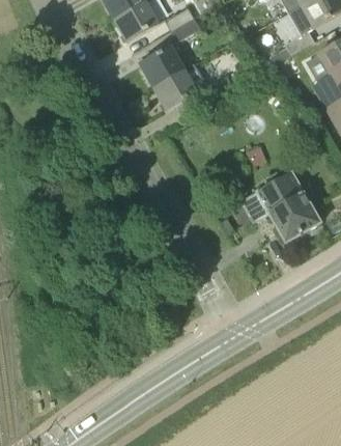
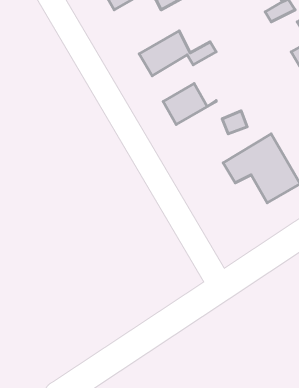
building: [140,44,195,86] -> [163,83,216,124]

